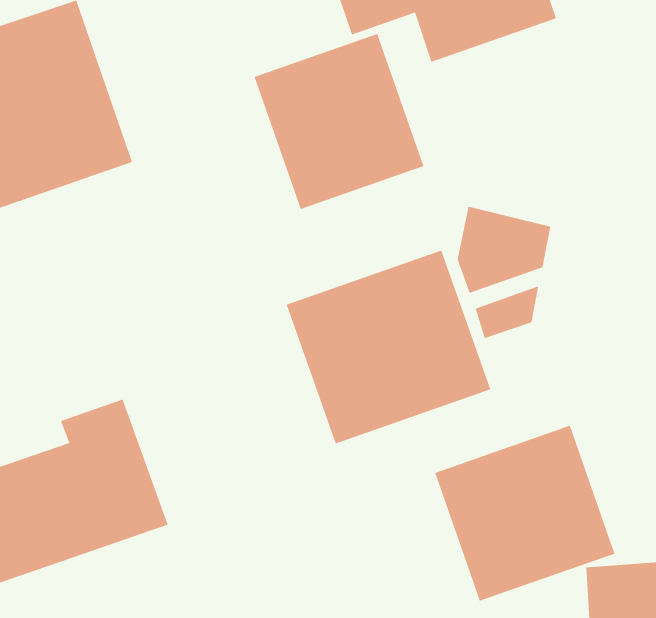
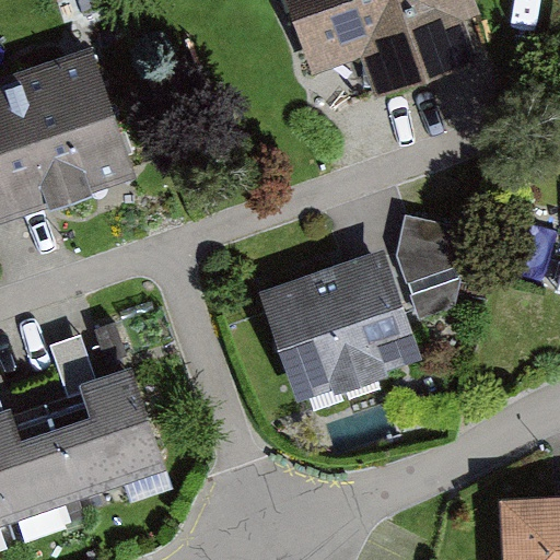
building: [254,33,424,210] -> none
building: [435,425,615,602] -> none

